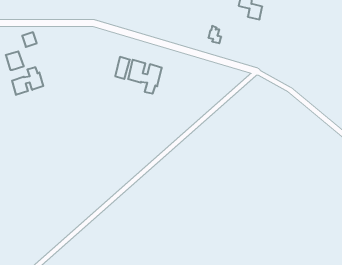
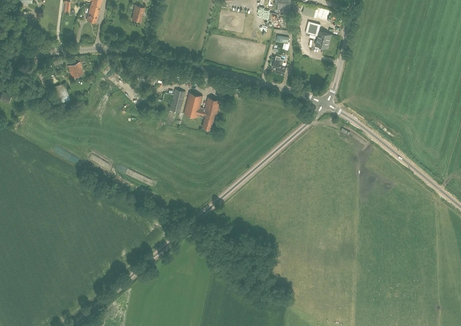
building: [12,67,43,95] -> none

